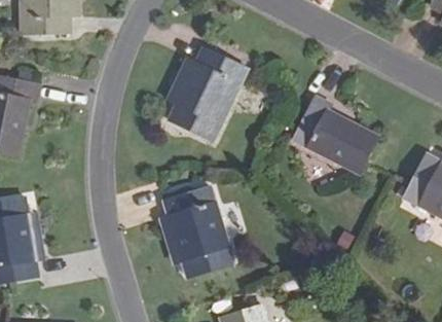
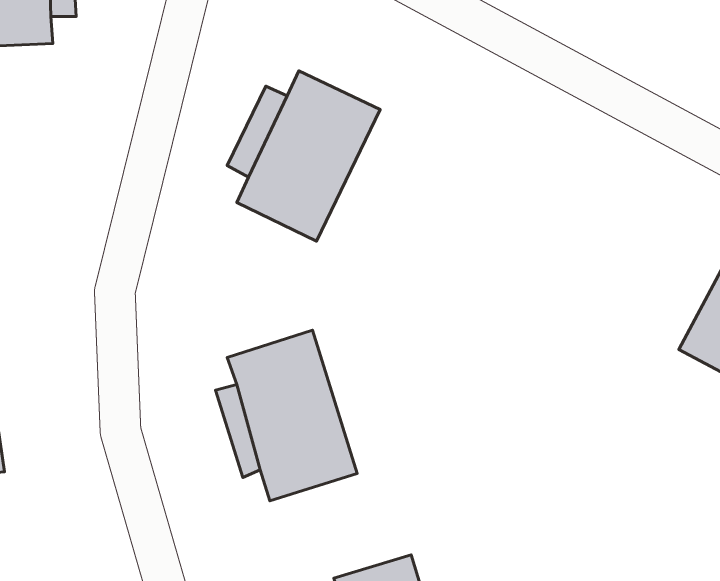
building: [293,95,378,172] -> none

